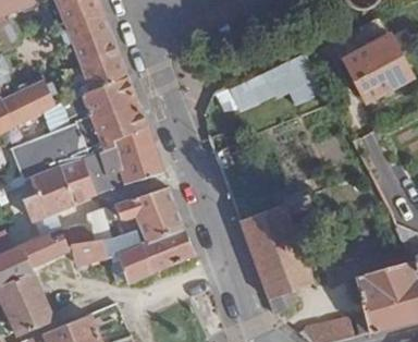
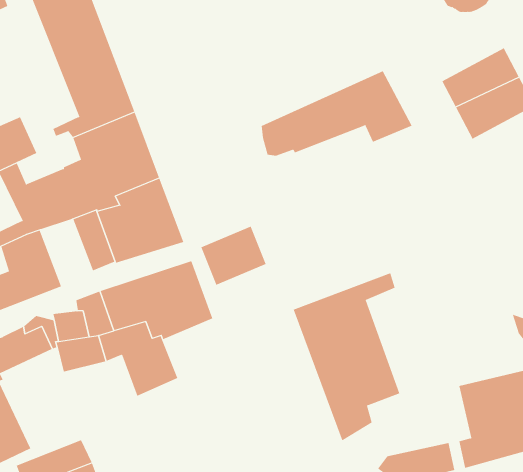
building: [60,157,98,205] -> none
building: [147,228,194,270] -> [201,226,266,285]

